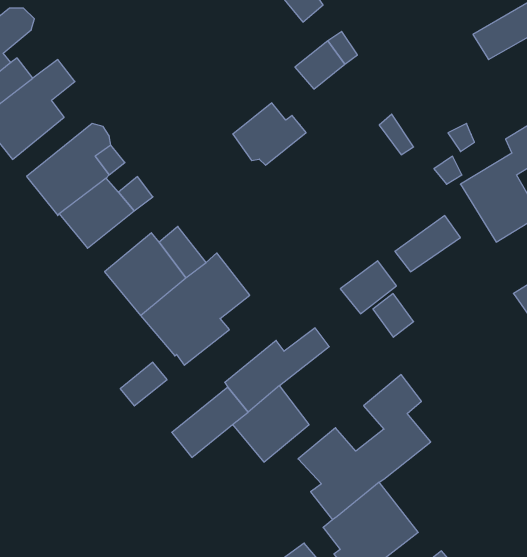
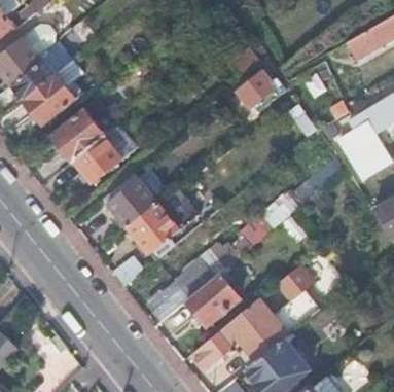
building: [233,103,306,165] -> [238,70,286,111]
building: none -> [190,322,246,371]

